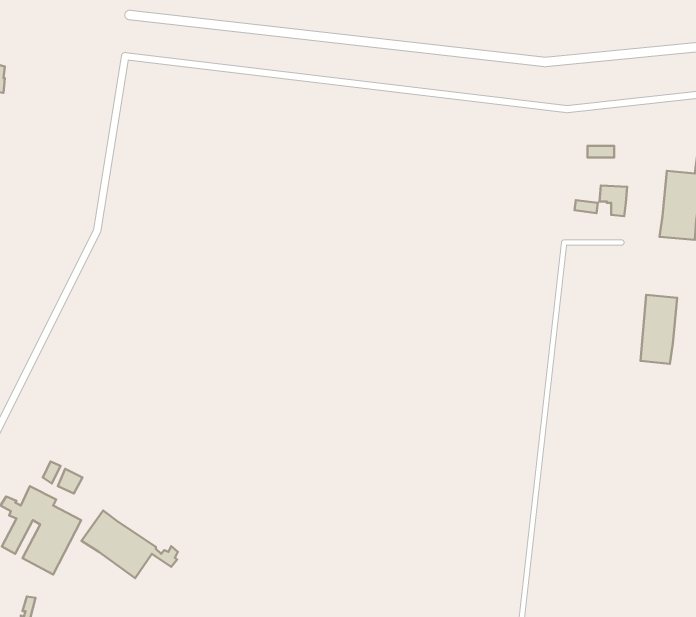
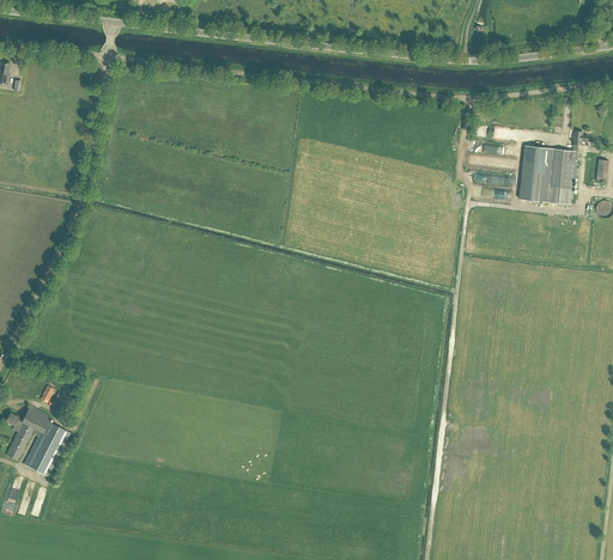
building: [640,295,677,364] -> [517,145,547,201]
building: [82,510,178,578] -> none

